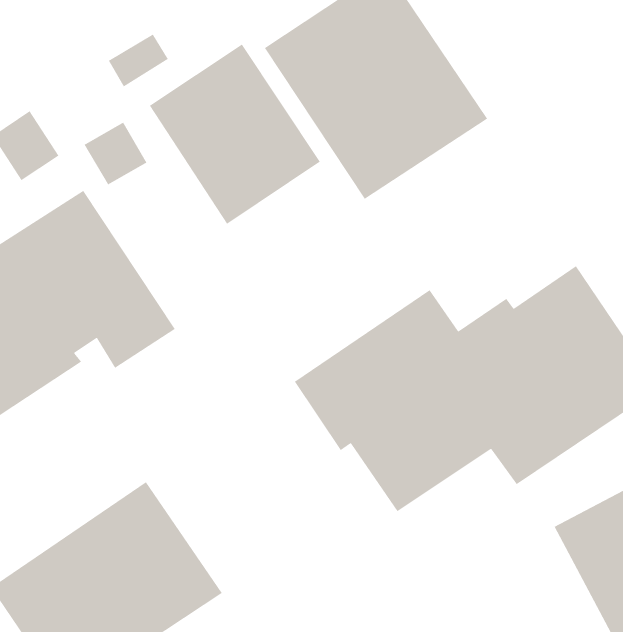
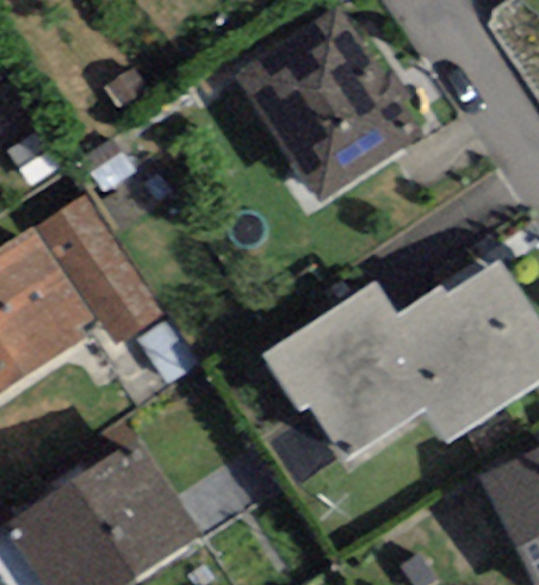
building: [149,43,321,225] -> none

